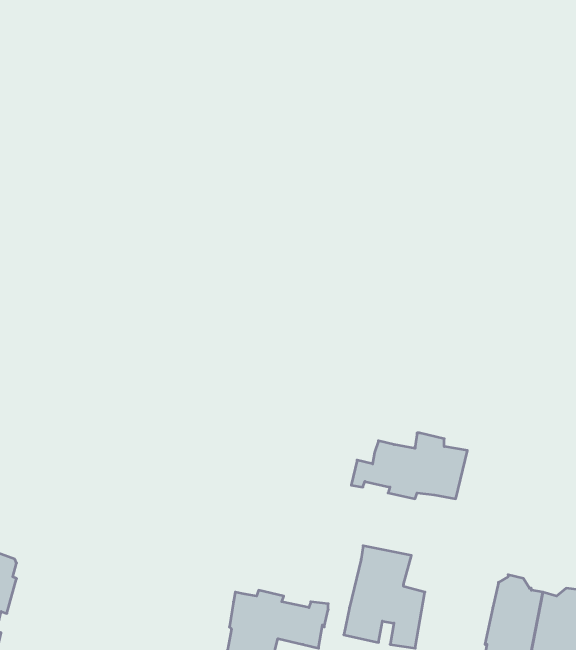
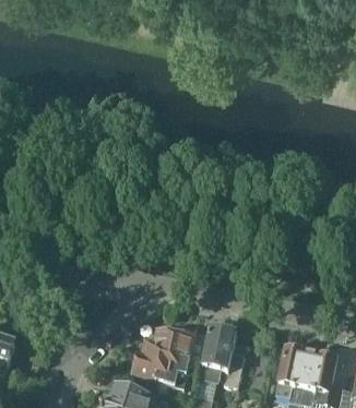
building: [351,433,467,499] -> [142,325,207,362]

